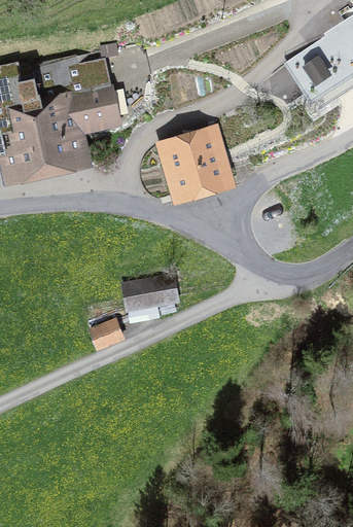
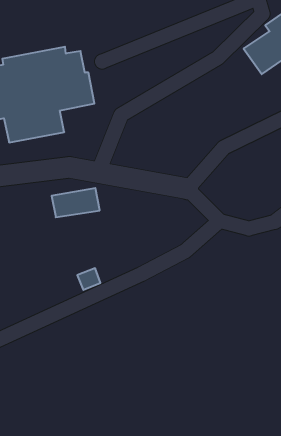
building: [170,141,223,197] -> none
building: [122,279,180,314] -> [52,188,100,217]

